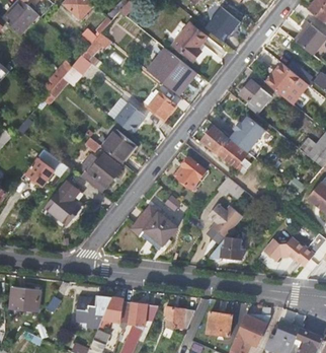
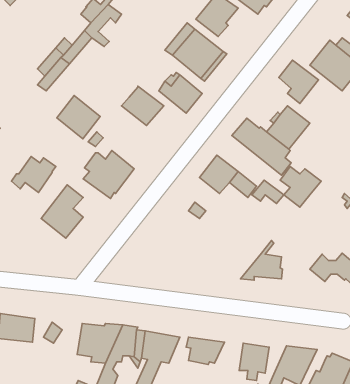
building: [102,129,138,164] -> [57,96,100,139]
building: [210,204,243,237] -> [280,166,321,207]
building: [132,205,178,245] -> none

